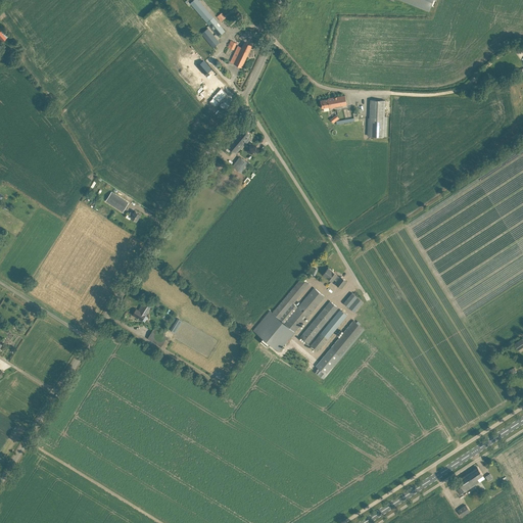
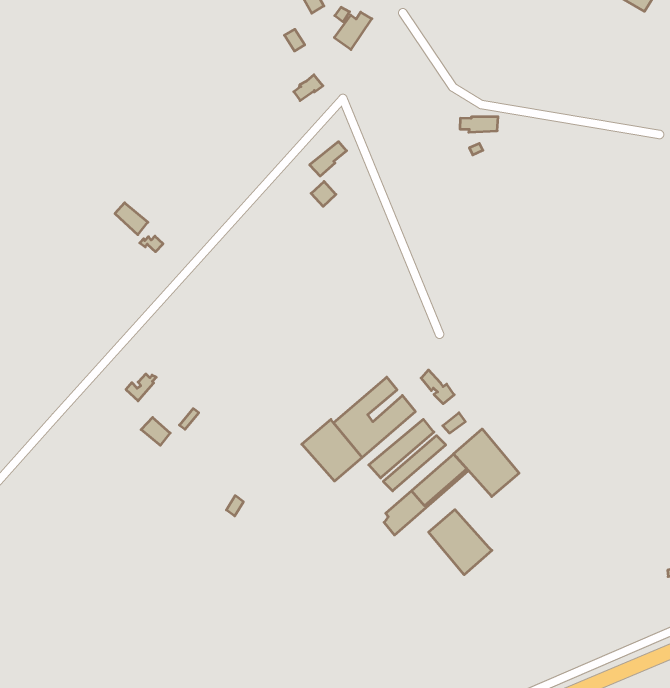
building: [367,99,384,137] -> none
building: none -> [453,429,519,497]
building: none -> [429,510,492,575]

